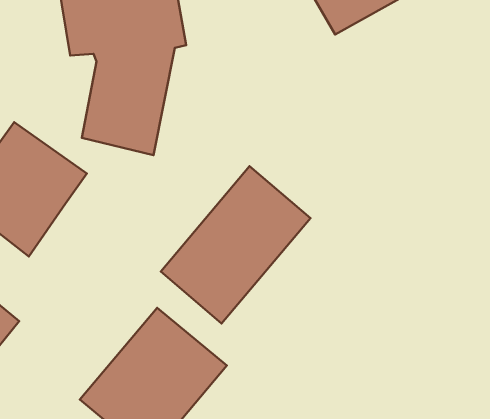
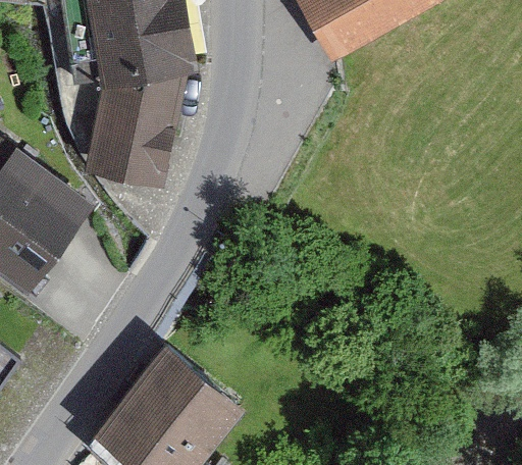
building: [161,166,310,323] -> none

